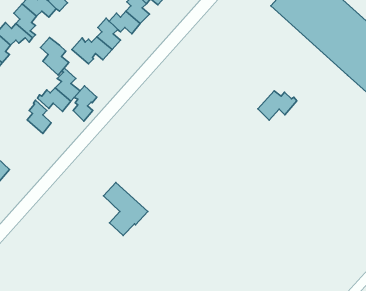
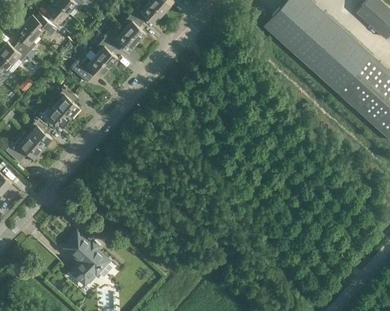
building: [41,38,69,75] -> none
building: [73,86,97,121] -> none
building: [258,91,297,120] -> none
building: none -> [5,136,42,161]
building: [103,182,148,235] -> [64,233,107,284]

